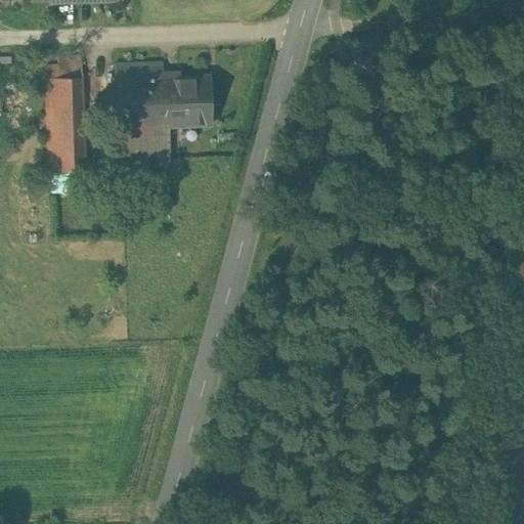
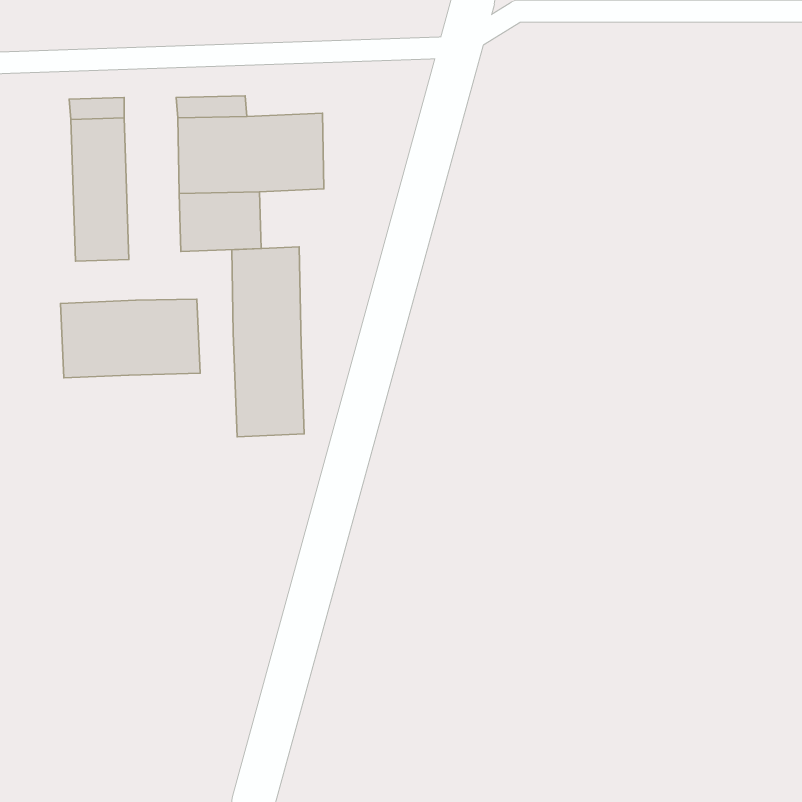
building: none -> [232,247,304,437]
building: none -> [60,299,200,378]

